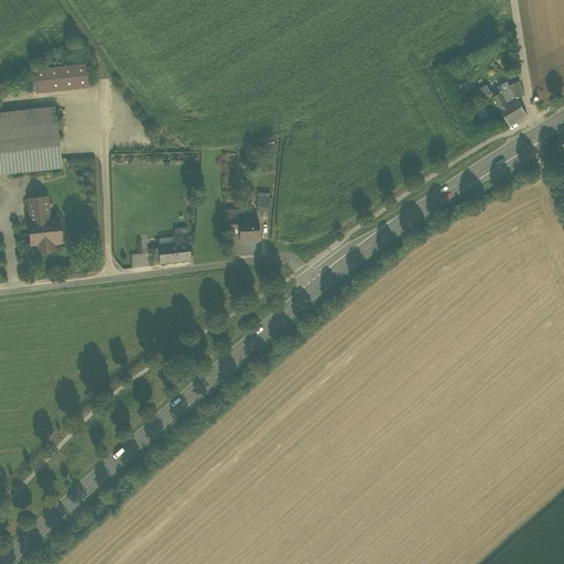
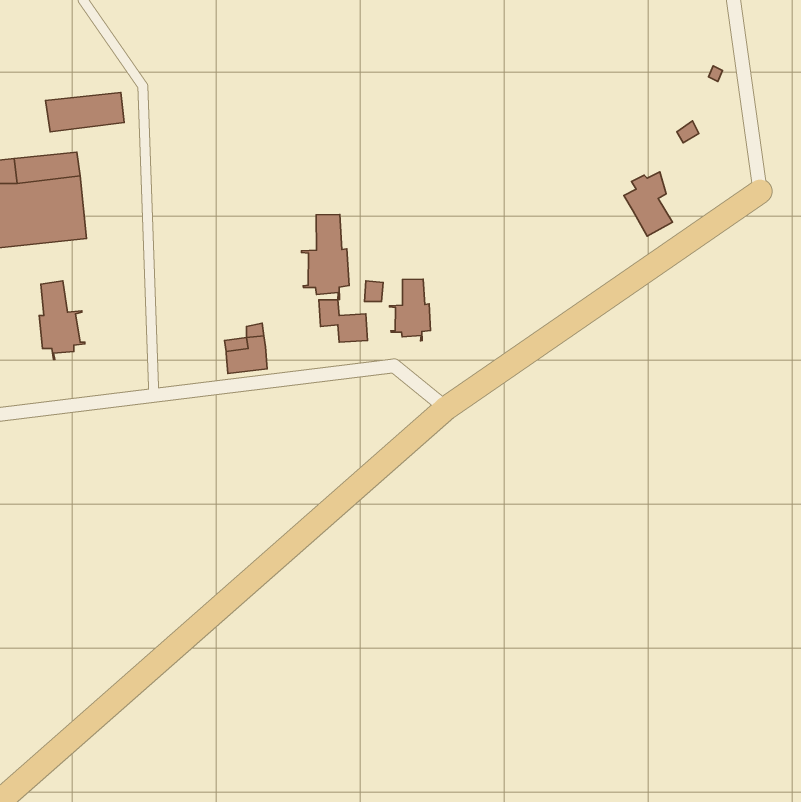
building: [492,80,527,126] -> [624,172,672,236]
building: none -> [301,215,349,300]
building: none -> [389,279,431,341]

